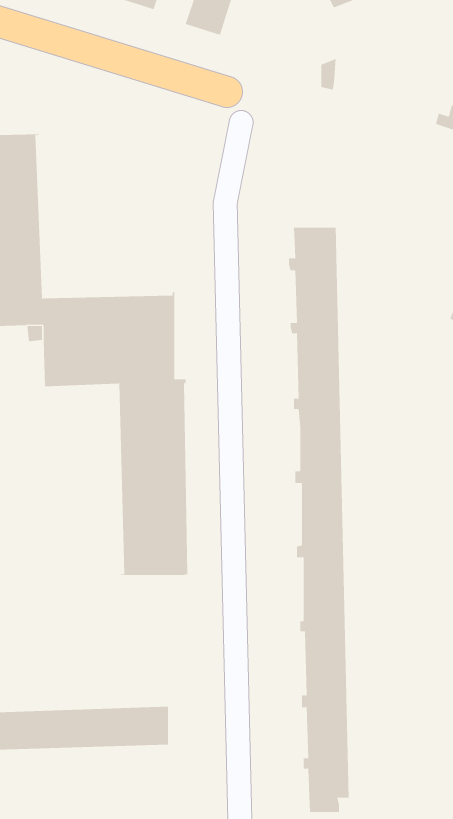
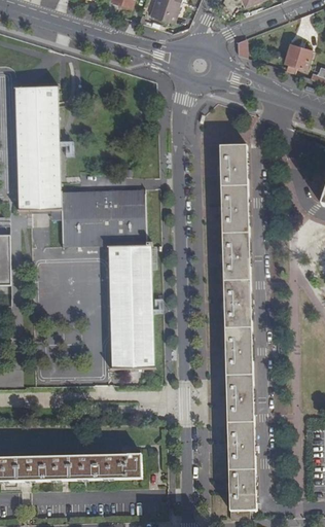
building: none -> [285,42,312,71]

